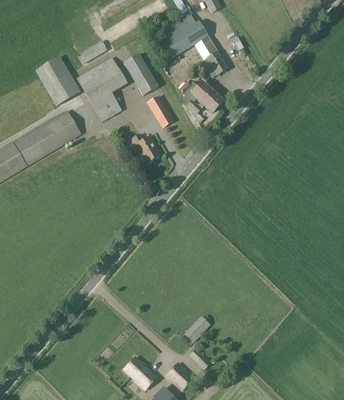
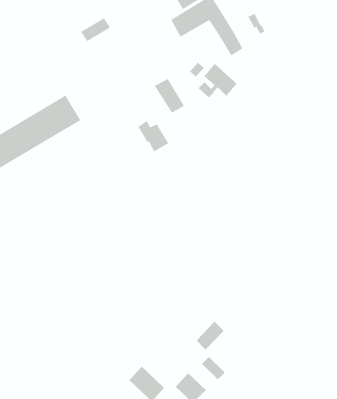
building: [123,52,160,95] -> none
building: [35,56,80,105] -> none
building: [78,57,127,120] -> none

